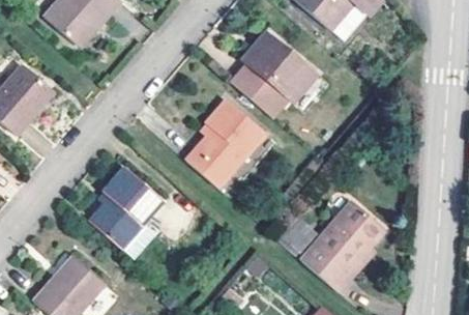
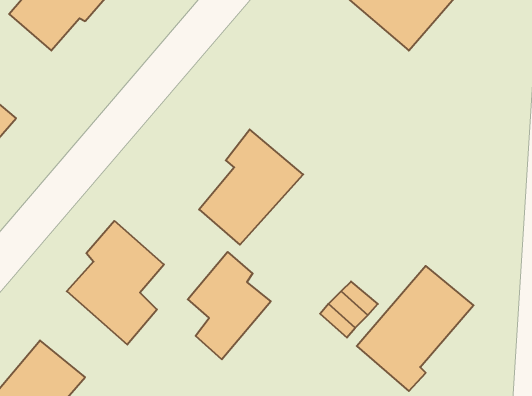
building: [231,31,314,113] -> none
building: none -> [188,252,271,359]

